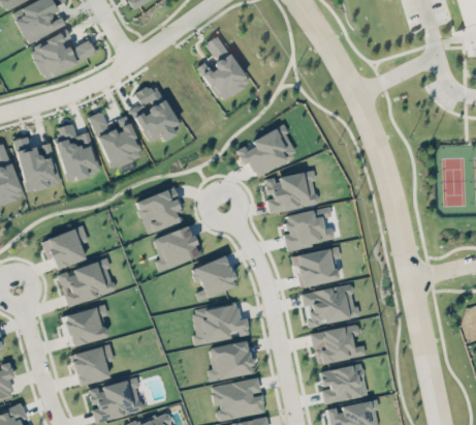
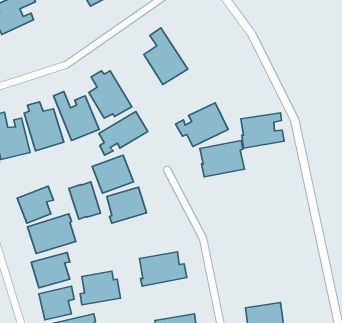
building: [30,31,96,79] -> none
building: none -> [99,111,148,155]
building: [283,207,335,249] -> [241,113,284,148]
building: none -> [69,182,101,219]
building: [294,246,340,287] -> none
building: [194,254,237,301] -> none
building: [302,283,360,327] -> none
building: [310,324,366,365] -> none
building: [208,340,256,381] -> [80,271,120,305]

